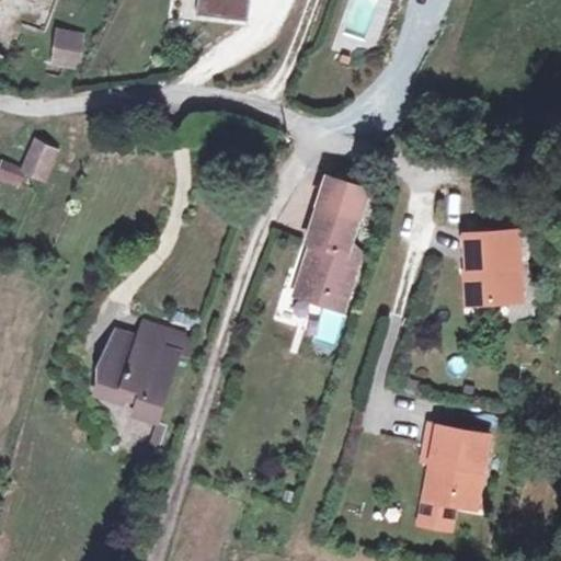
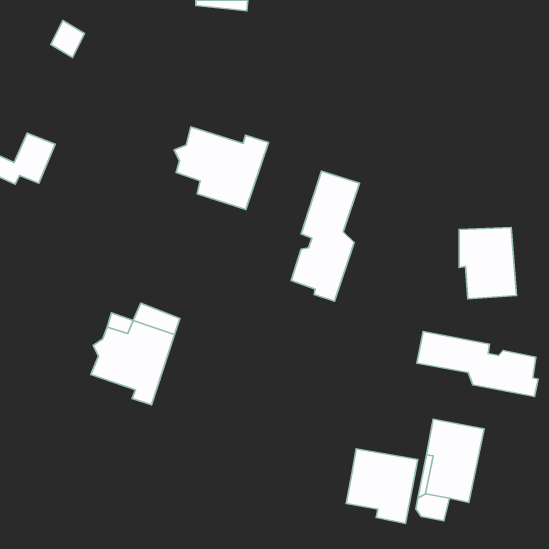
building: none -> [174,127,269,210]
building: none -> [417,331,538,396]
building: none -> [346,449,418,523]

